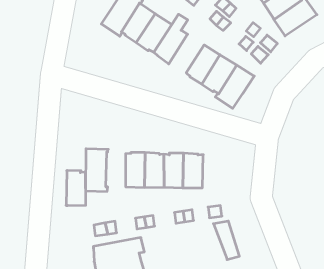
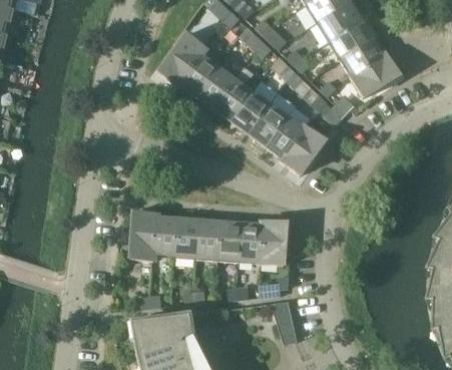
building: none -> [231,80,277,131]
building: none -> [258,220,286,265]
building: [66,171,86,205] -> [151,216,175,256]

